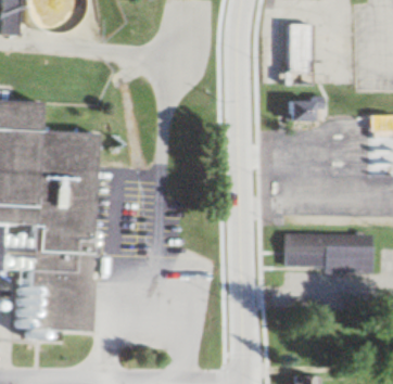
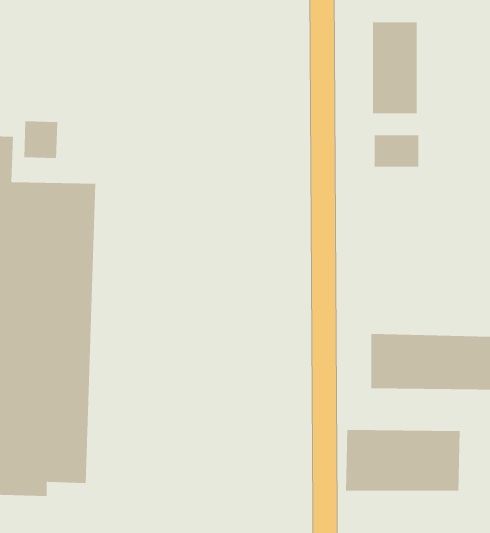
building: none -> [24,121,58,159]
building: none -> [346,429,460,492]

